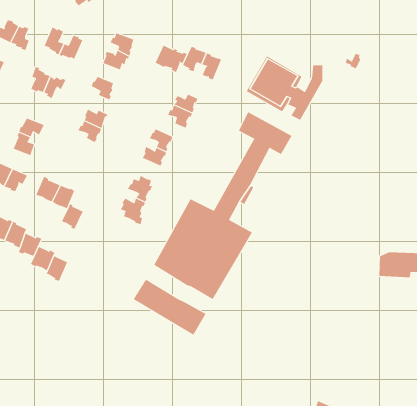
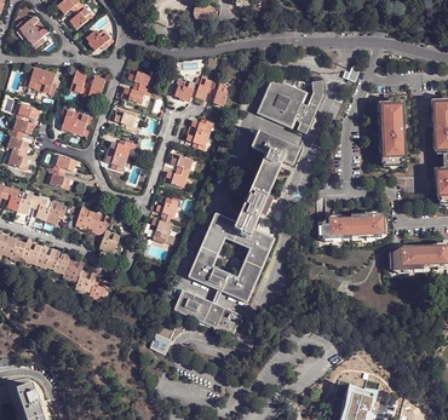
building: none -> [377,98,406,165]
building: none -> [320,213,384,238]

